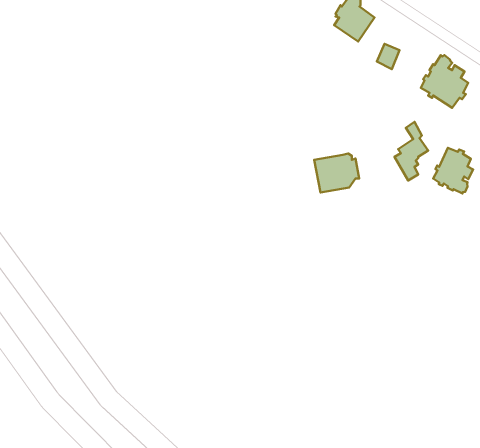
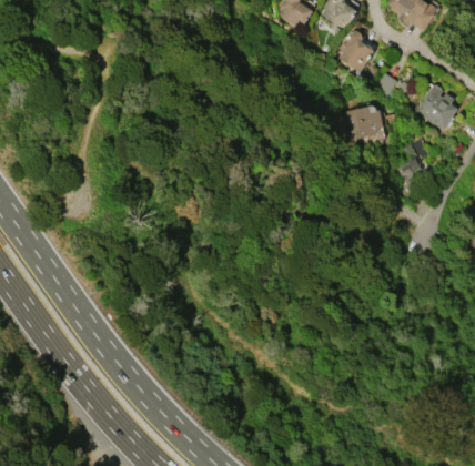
building: [433,148,473,194] -> none
building: [314,153,359,192] -> [343,105,383,140]

